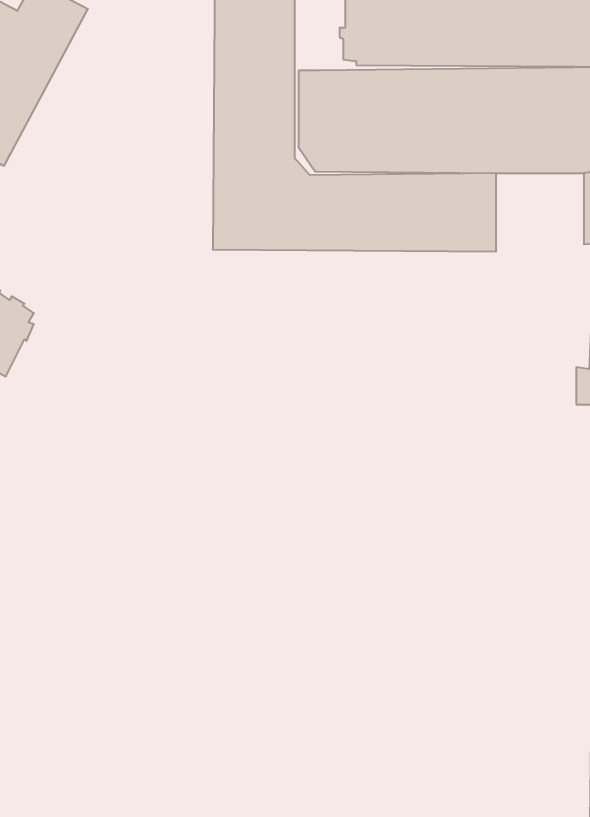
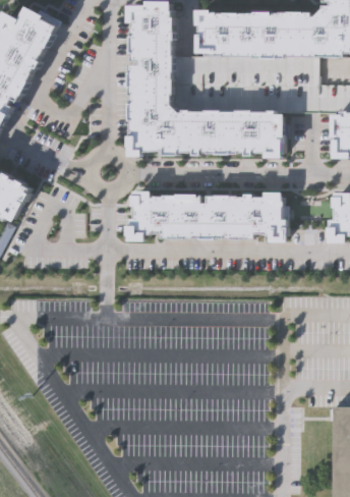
building: none -> [126,191,285,237]

